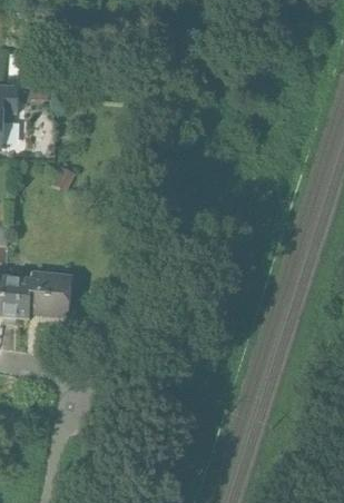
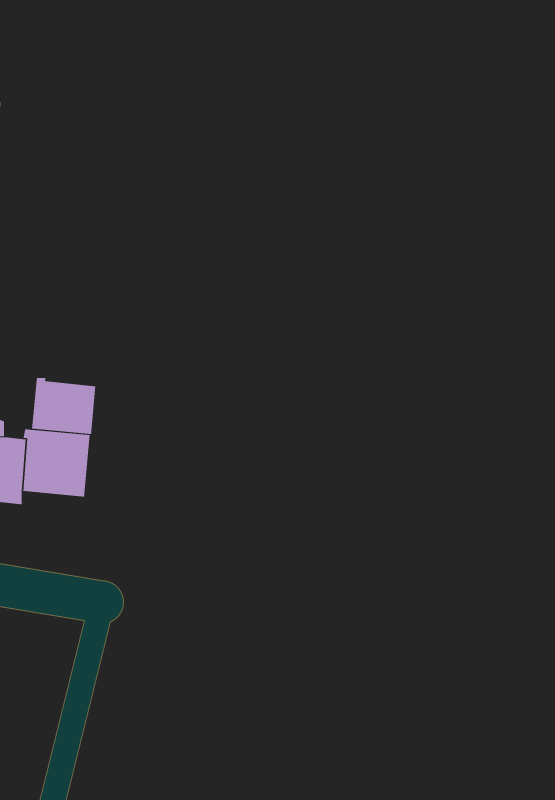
building: none -> [31,377,96,435]

